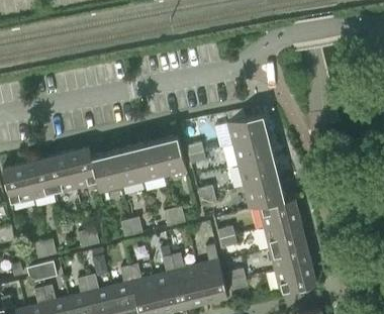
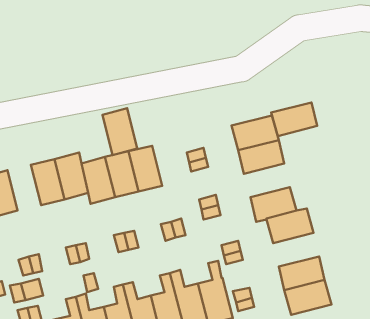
building: [155,134,186,177] -> [102,108,137,155]
building: [237,156,279,187] -> [271,102,317,136]
building: [24,158,55,199] -> none
building: [264,219,305,249] -> none

